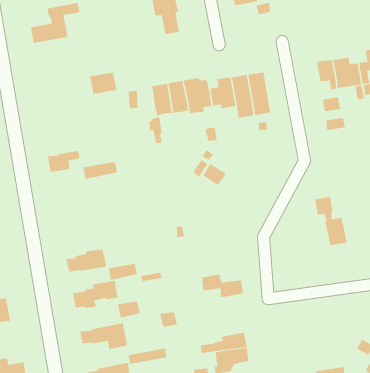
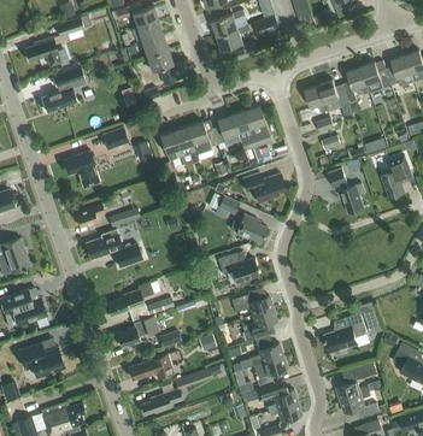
building: none -> [61,149,98,187]
building: none -> [241,172,284,202]
building: none -> [84,229,139,259]
building: none -> [229,214,266,242]
building: [314,196,347,245] -> [327,167,363,212]
building: none -> [217,254,258,283]
building: none -> [241,308,276,342]
building: none -> [323,312,365,353]

